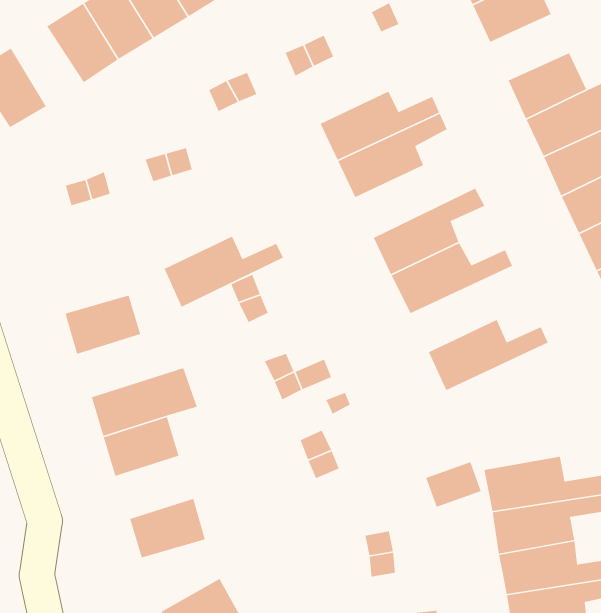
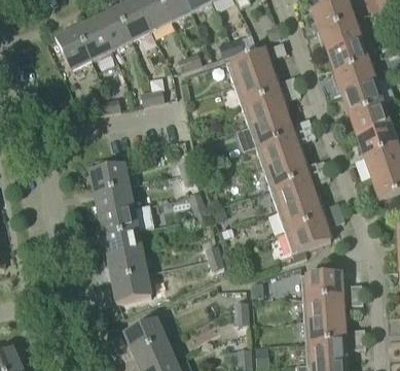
building: none -> [327,39,368,71]
building: none -> [76,18,112,60]
building: none -> [226,42,286,83]
building: [163,236,284,308] -> [248,111,312,146]
building: none -> [270,169,330,209]
building: none -> [94,184,134,214]
building: none -> [285,211,344,261]
building: none -> [107,250,147,280]

